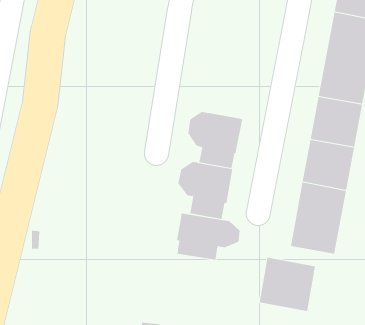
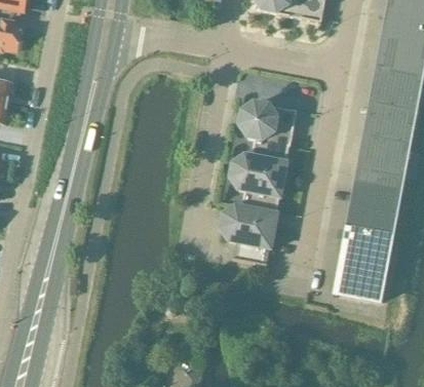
building: none -> [238,103,296,161]
building: [177,212,240,261] -> none
building: [259,257,316,312] -> none

